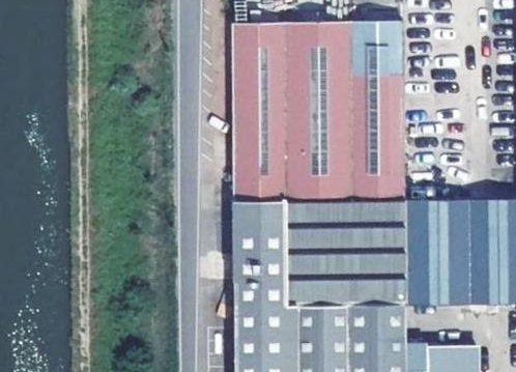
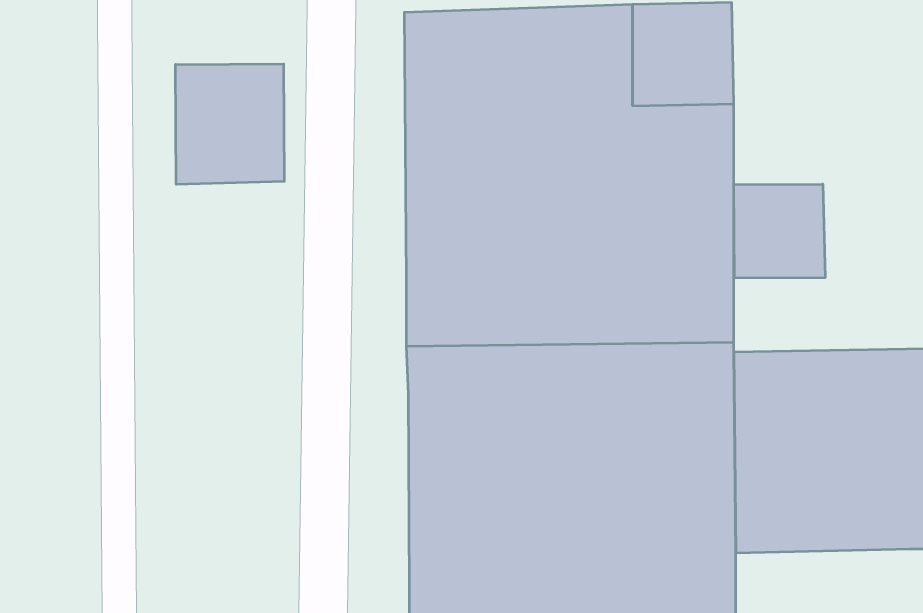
building: none -> [176,64,284,184]
building: none -> [734,184,825,278]

